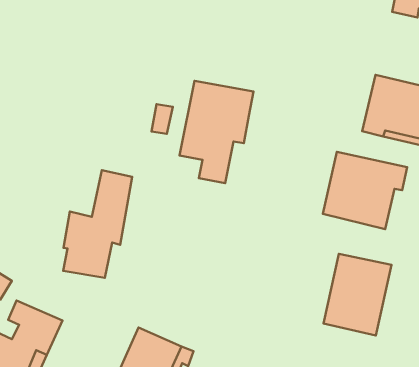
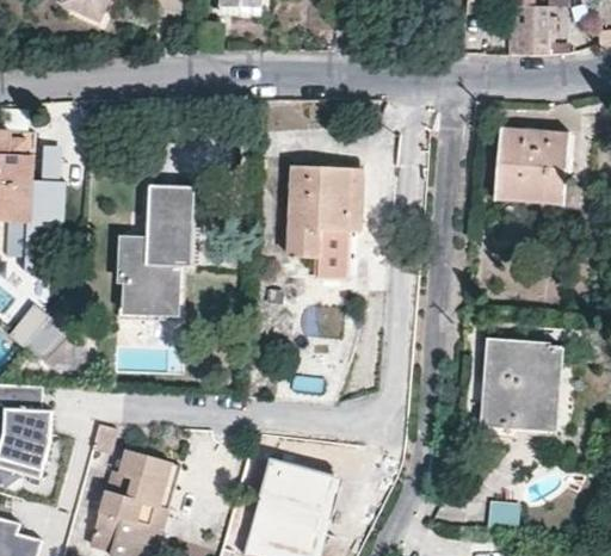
building: [323,152,407,229] -> none
building: [63,170,132,278] -> [119,184,186,307]
building: none -> [481,344,560,438]

